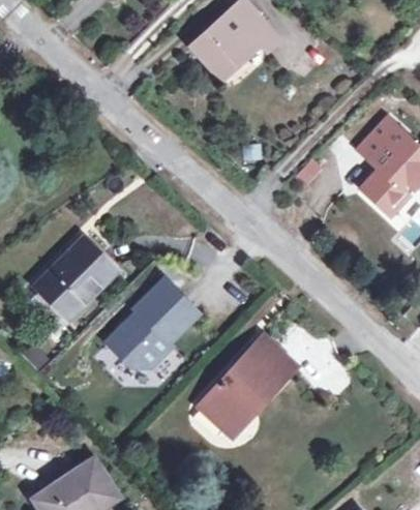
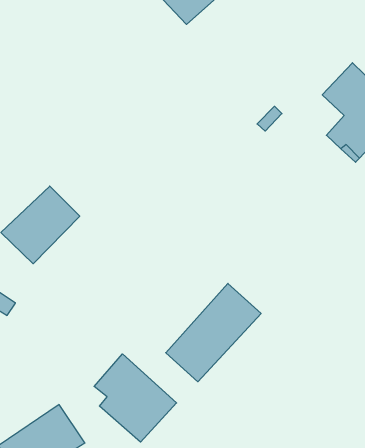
building: [111,274,206,364] -> none
building: none -> [94,354,177,442]

